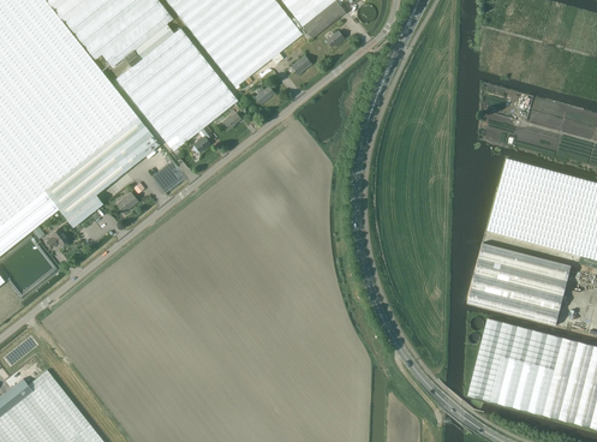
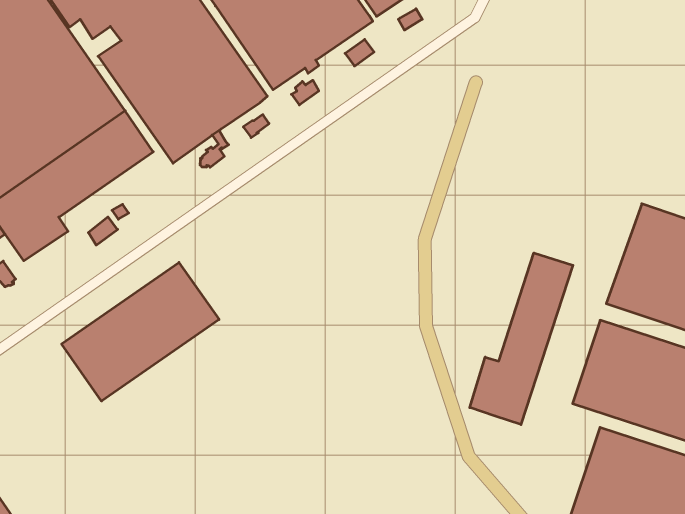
building: none -> [470,253,573,425]
building: none -> [62,262,219,401]

